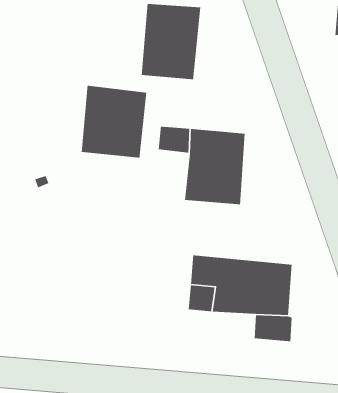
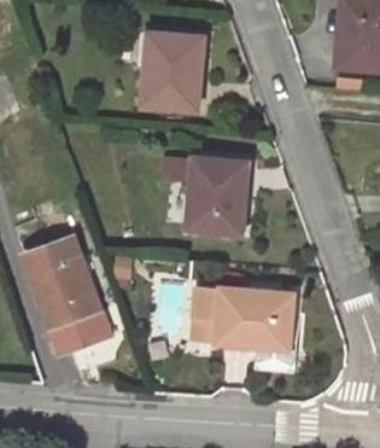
building: [81,85,147,158] -> none
building: none -> [22,237,110,354]

